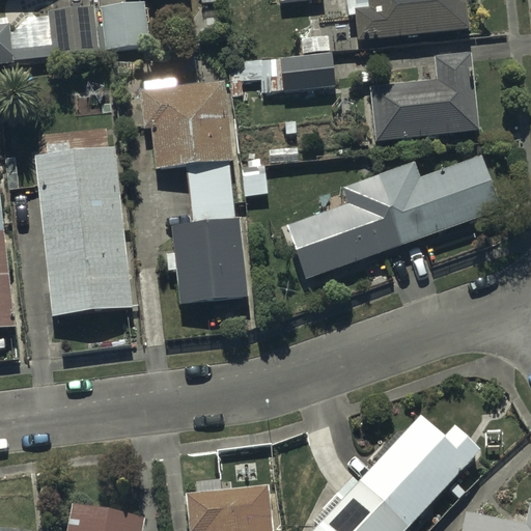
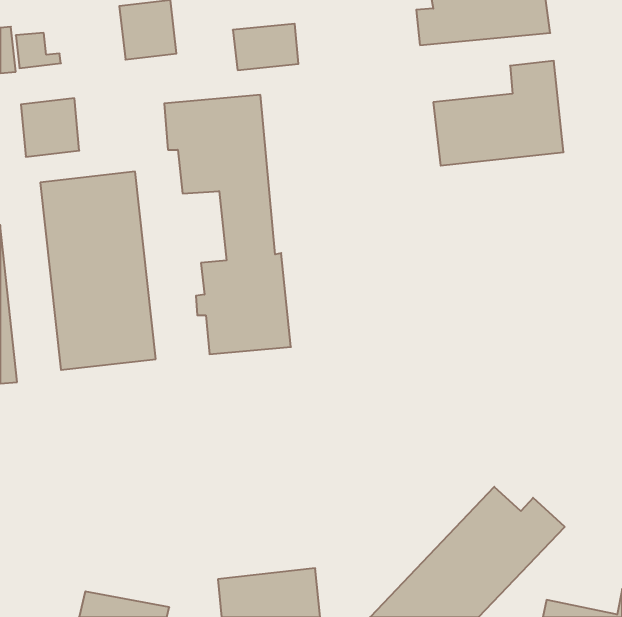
building: [50,5,100,55] -> [21,98,79,157]
building: [280,51,336,90] -> [233,24,298,70]
building: [286,155,501,279] -> none

